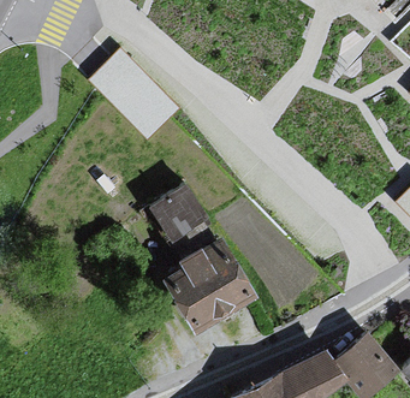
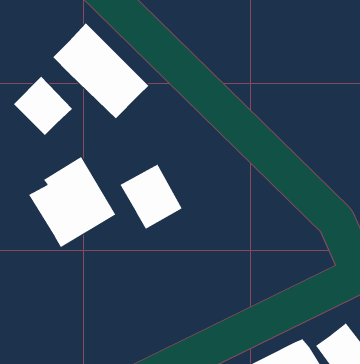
building: none -> [13,76,73,136]
building: [166,239,251,328] -> [28,156,116,248]

